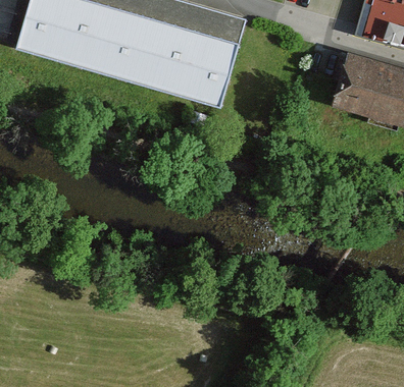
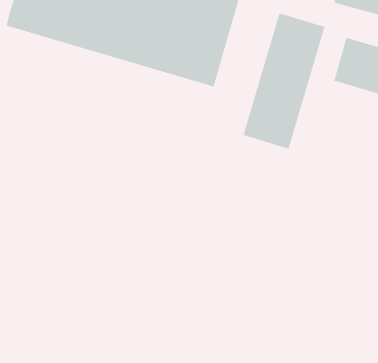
building: none -> [243,12,325,149]

